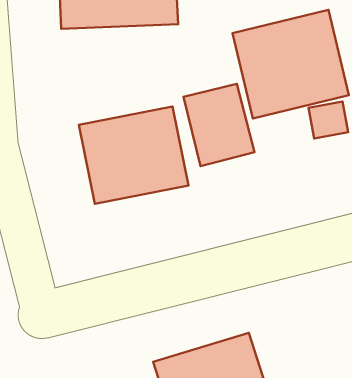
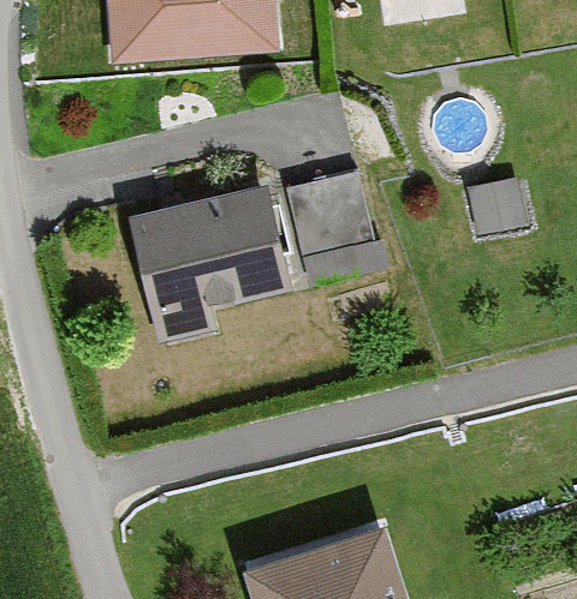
building: [233,10,349,118] -> none

